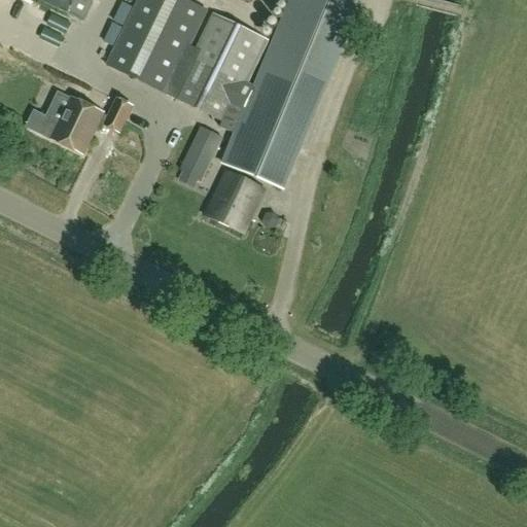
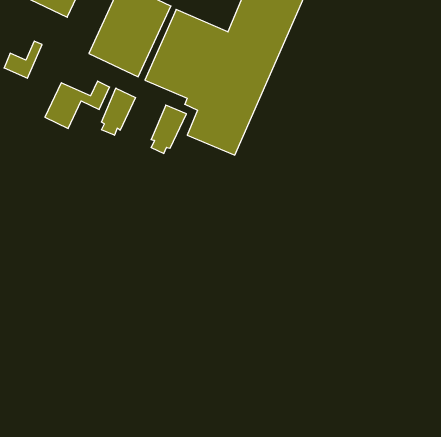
building: [29,85,74,130] -> [4,41,42,78]
building: none -> [101,88,136,135]
building: [205,169,264,232] -> none

